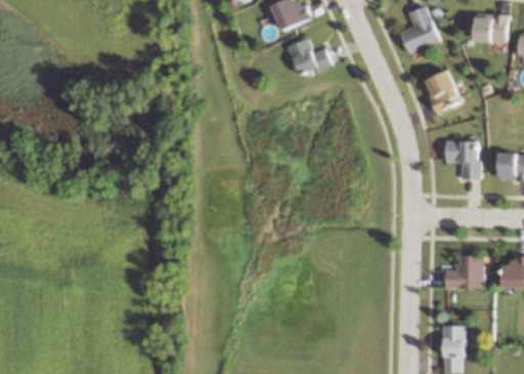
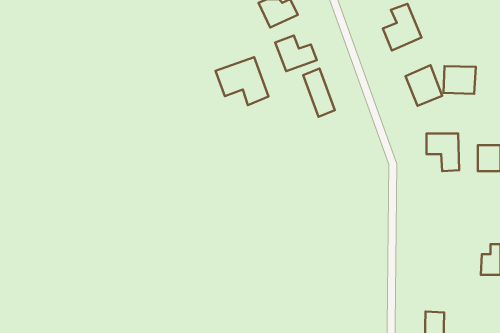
building: [473,13,507,42] -> [443,66,476,94]
building: none -> [215,57,268,105]
building: none -> [303,69,335,117]
building: [445,255,482,287] -> none

